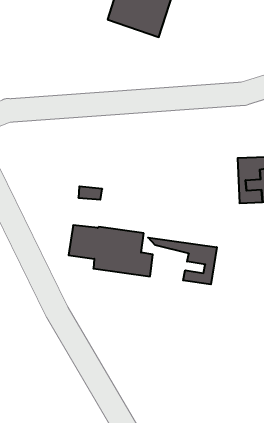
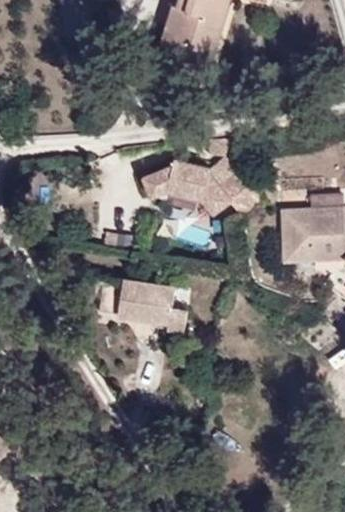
building: none -> [134,157,257,223]
building: [148,238,217,284] -> none

